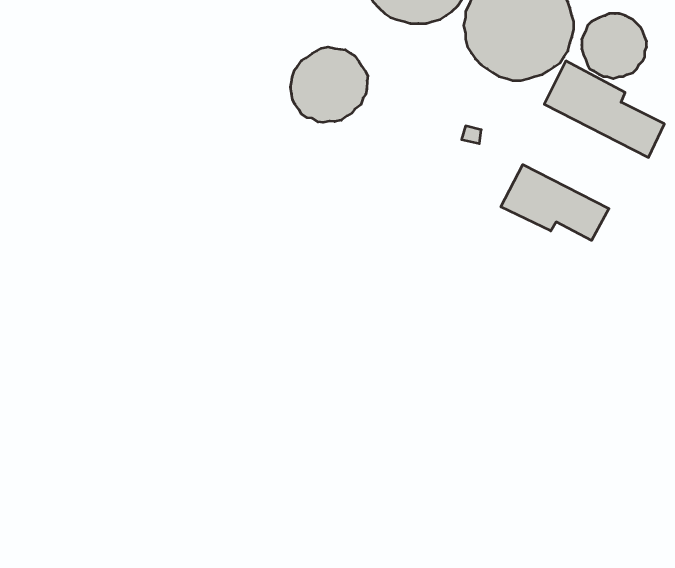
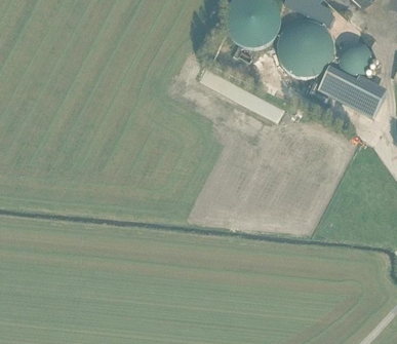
building: [291,47,368,122] -> none
building: [501,165,609,240] -> none

